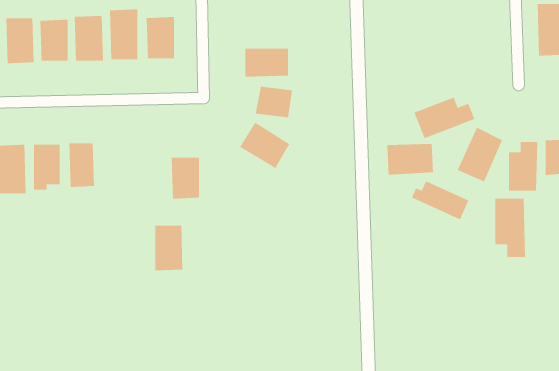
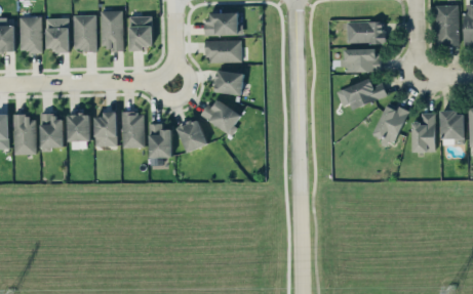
building: none -> [205,12,242,36]
building: none -> [347,20,385,43]
building: none -> [94,112,118,145]
building: [386,144,434,175] -> [343,48,380,73]
building: none -> [176,119,207,153]
building: [411,180,469,220] -> none
building: [495,198,525,258] -> none
building: [154,225,183,271] -> [122,112,145,148]

